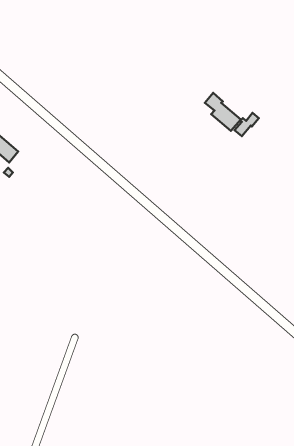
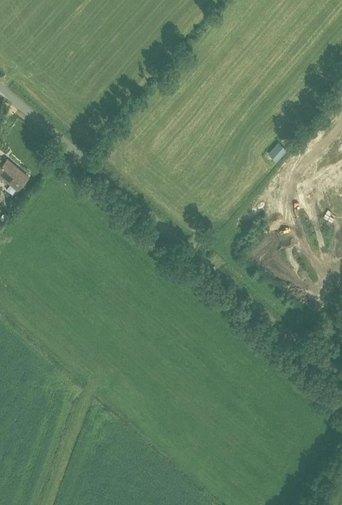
building: [205,93,241,131] -> none

